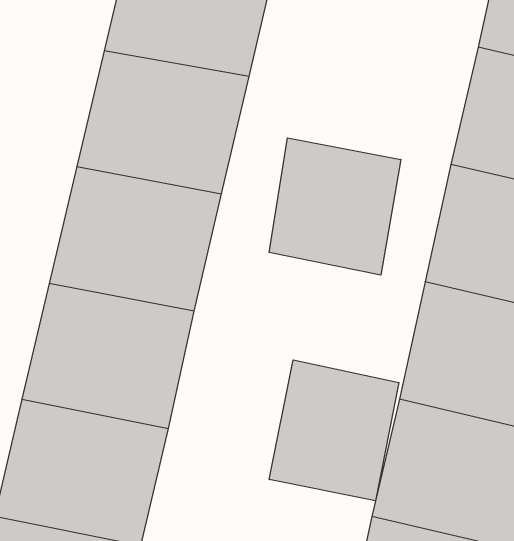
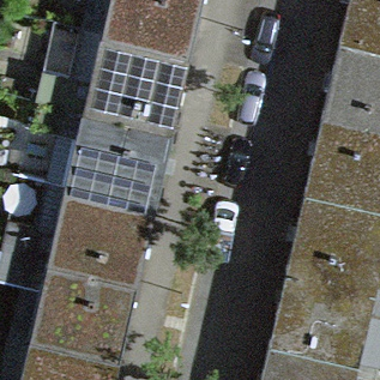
building: [269,138,401,275] -> none
building: [269,360,399,501] -> none

